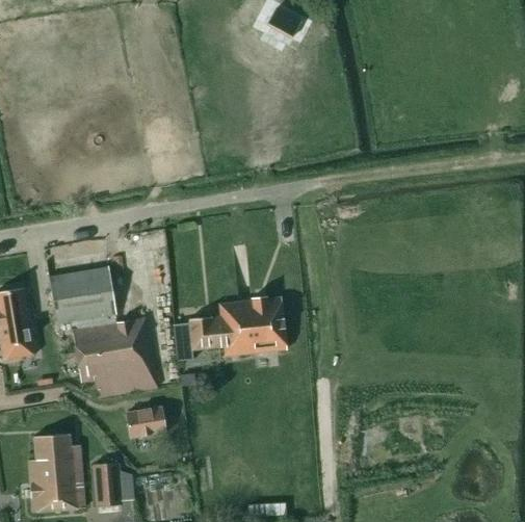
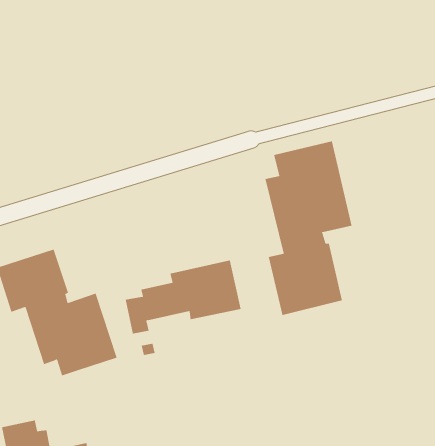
building: none -> [265,141,352,316]
building: [127,406,167,437] -> none

